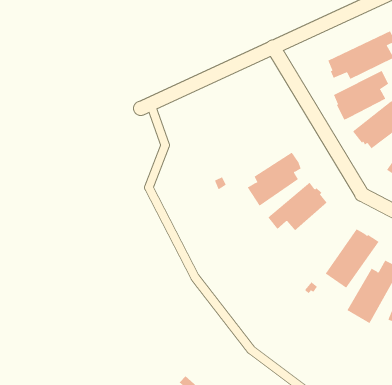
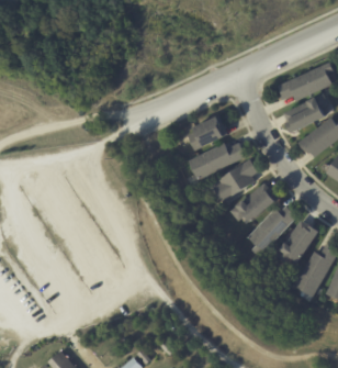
building: none -> [189,115,228,149]
building: none -> [190,141,248,179]
building: none -> [249,204,298,256]

